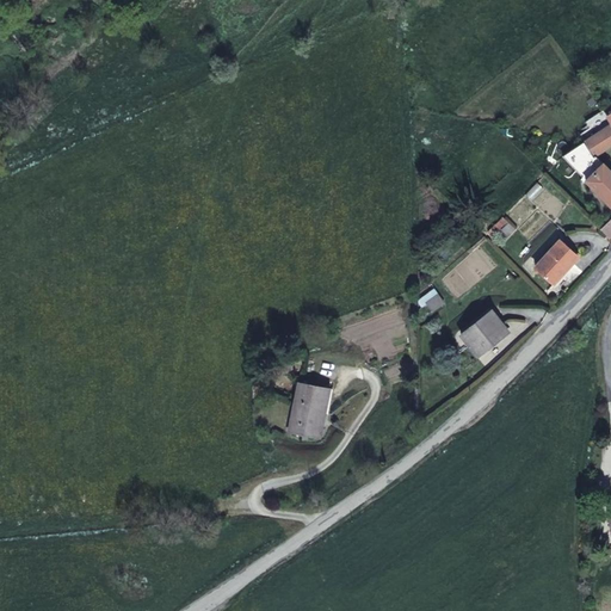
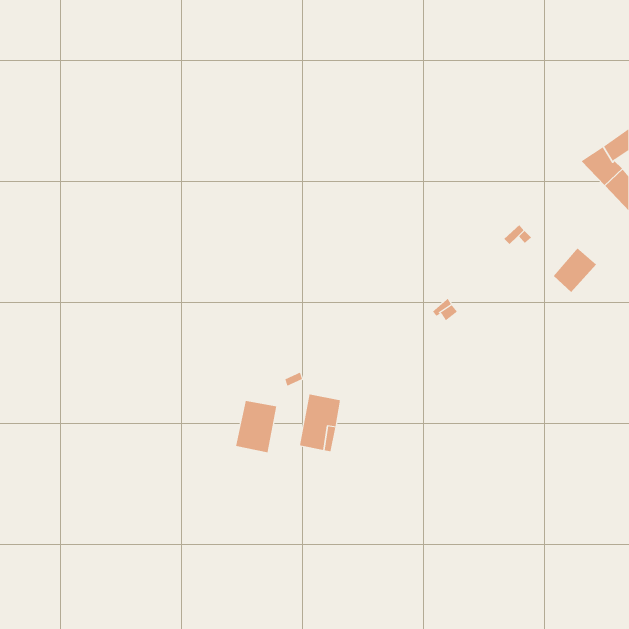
building: [462,310,508,356] -> none
building: none -> [236,400,277,453]

